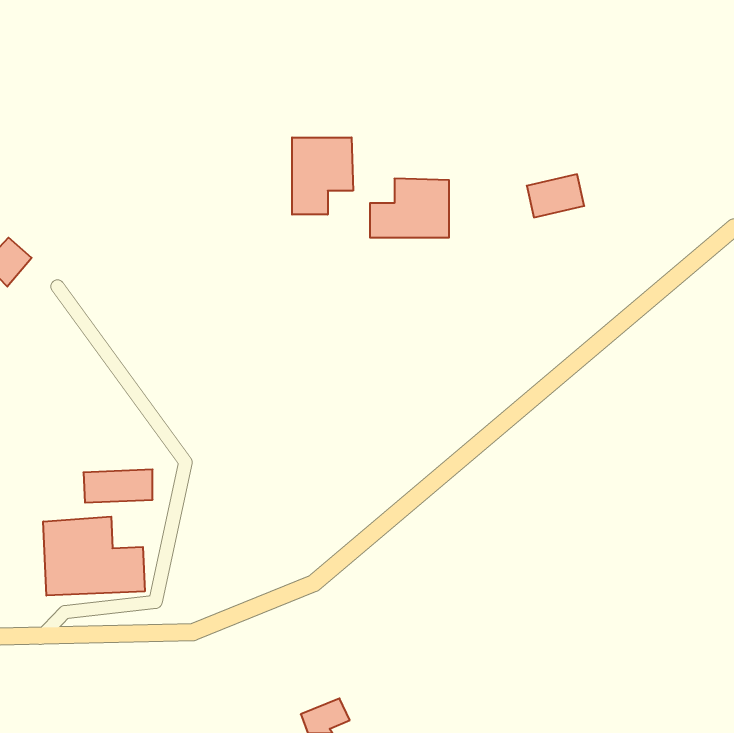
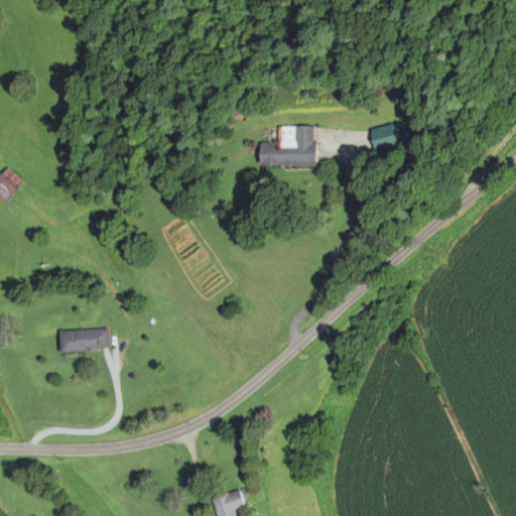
building: [292,137,353,215] -> none
building: [43,517,145,596] -> none

